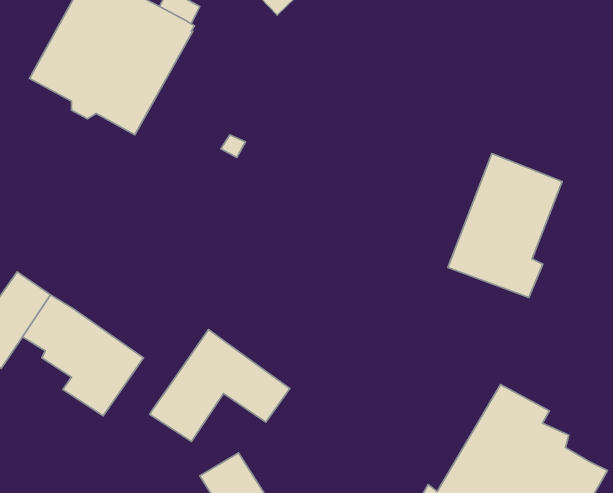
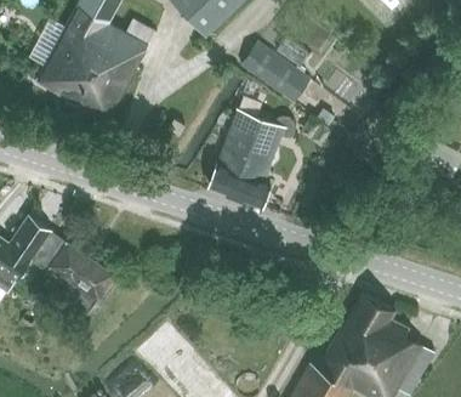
building: none -> [239,41,311,107]
building: [448,153,562,297] -> [206,109,285,209]
building: [150,330,290,442] -> none

